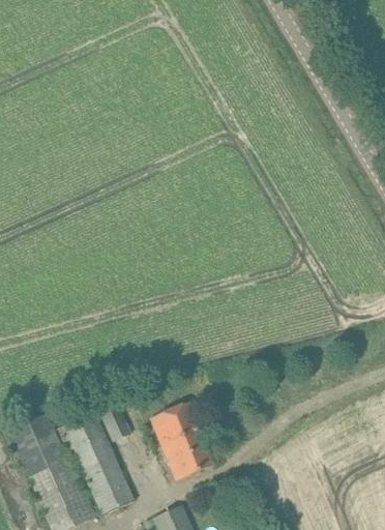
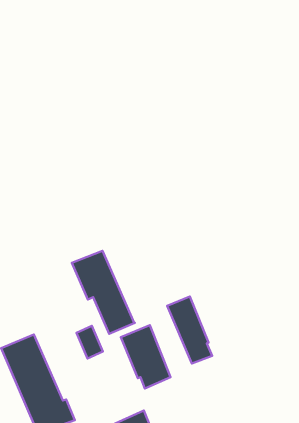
building: none -> [167,297,212,364]
building: [58,413,135,513] -> [72,251,135,334]

